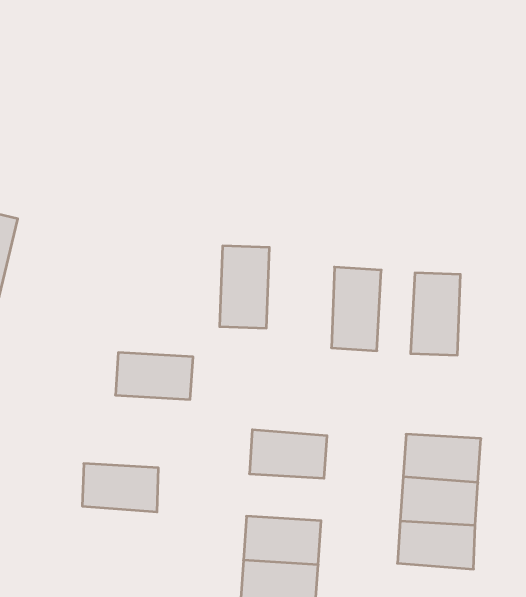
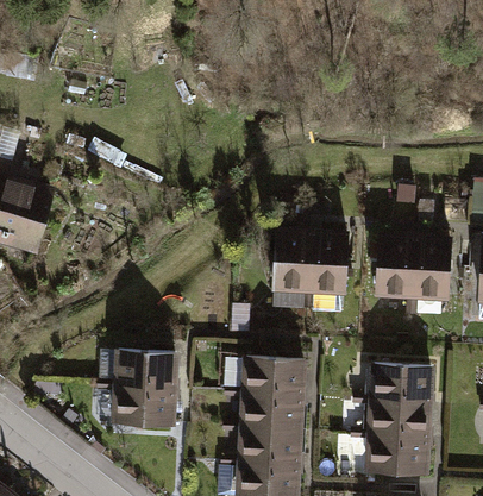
building: [220,246,269,328] -> [274,226,314,293]
building: none -> [414,233,454,300]
building: [115,353,193,399] -> [111,352,174,390]
building: none -> [243,395,306,433]

